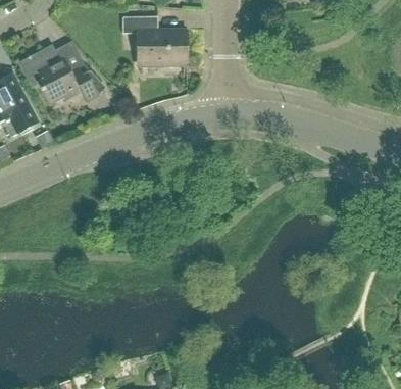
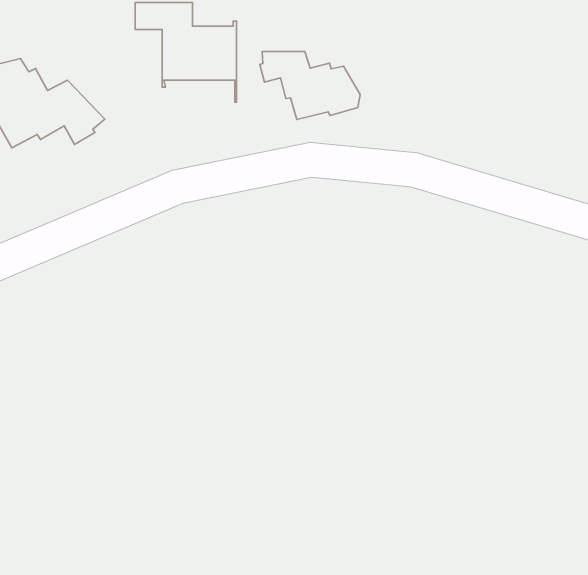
building: none -> [260,51,360,119]

